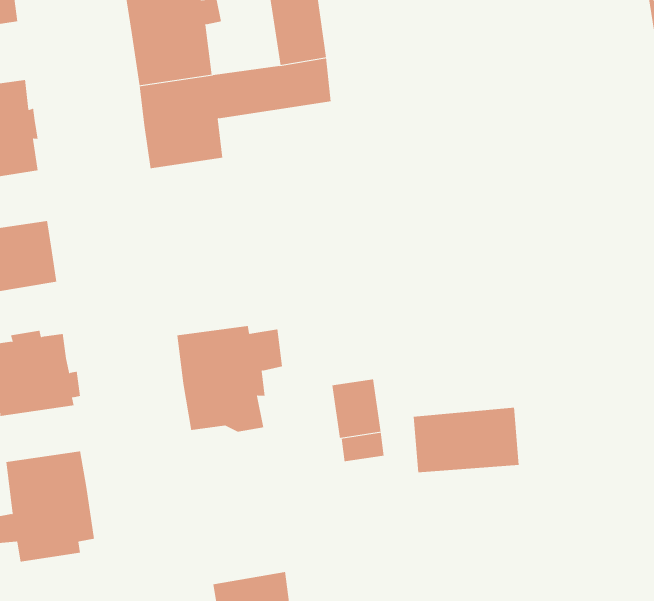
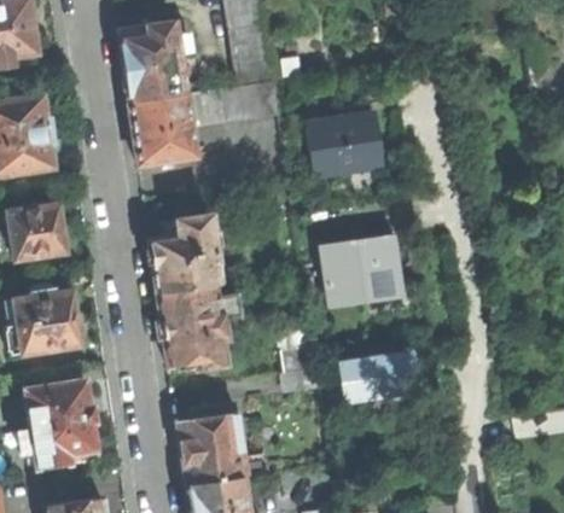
building: none -> [308,111,385,176]
building: none -> [150,215,220,292]
building: none -> [321,232,407,305]
building: none -> [178,403,245,484]

